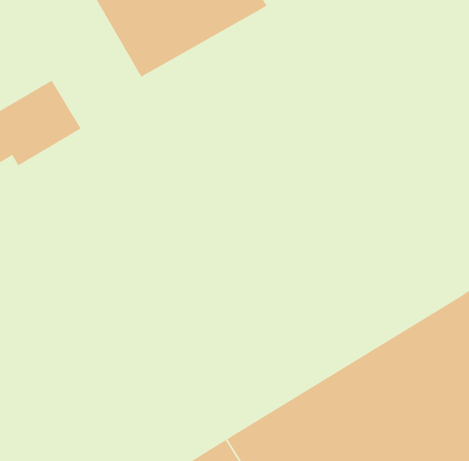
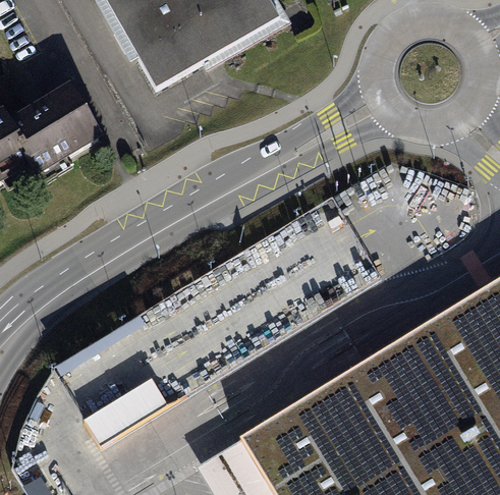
building: none -> [85,377,168,444]

